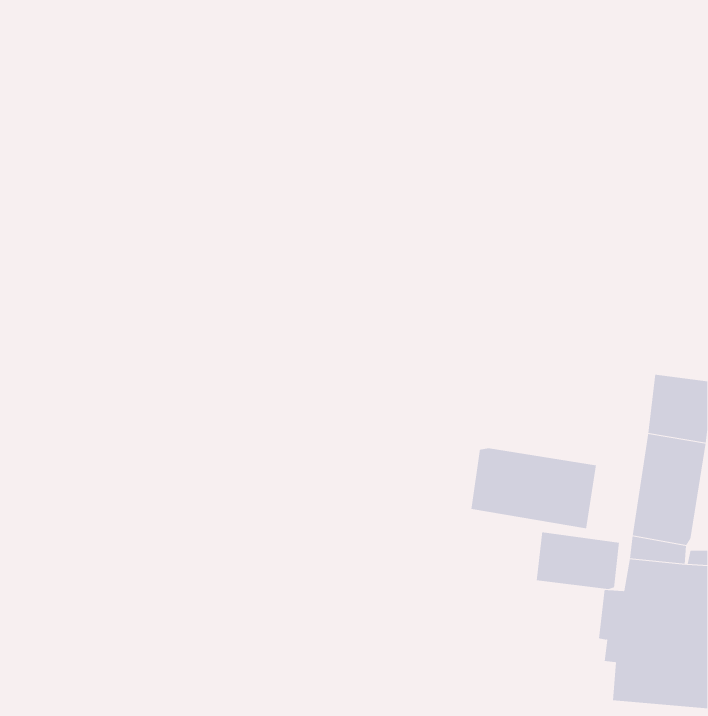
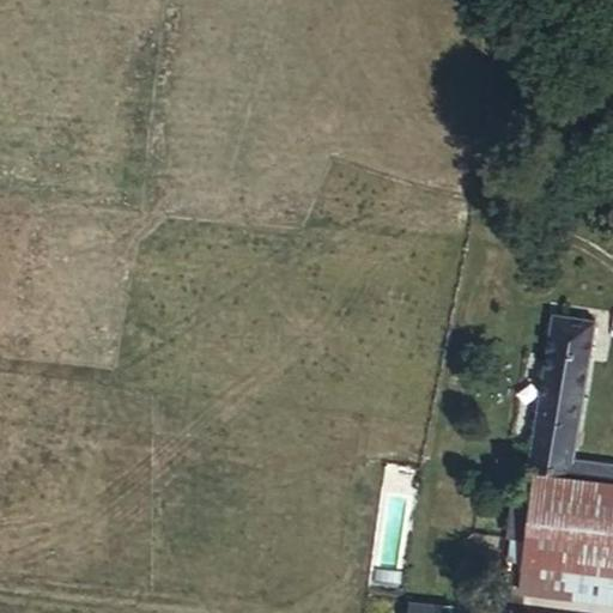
building: [471,447,597,529] -> none
building: [536,531,619,590] -> none

